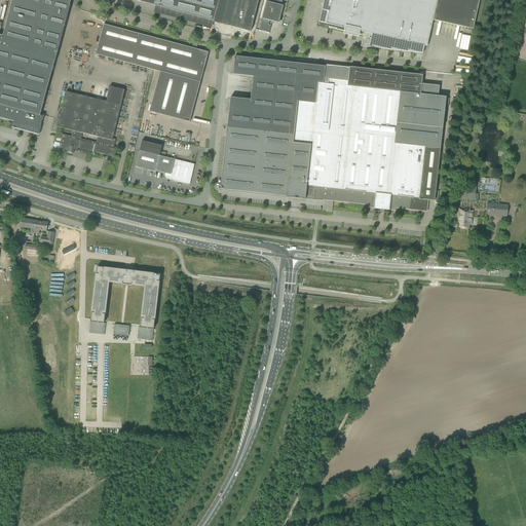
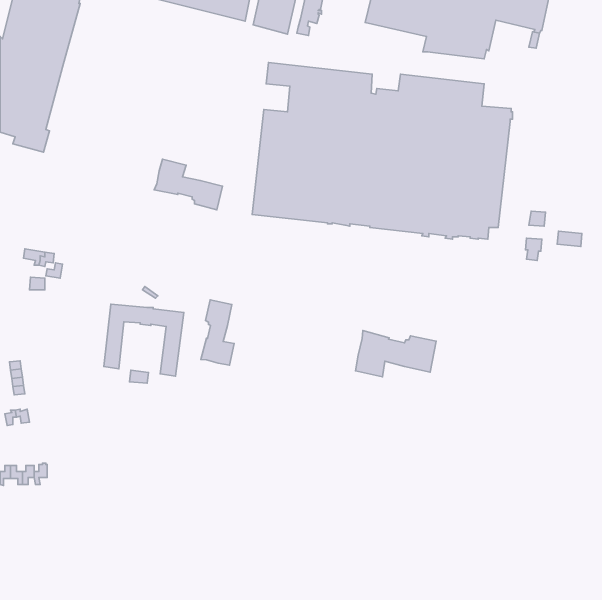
building: [96,23,208,120] -> none
building: [57,84,124,155] -> none
building: none -> [201,300,234,365]
building: none -> [356,330,436,377]

